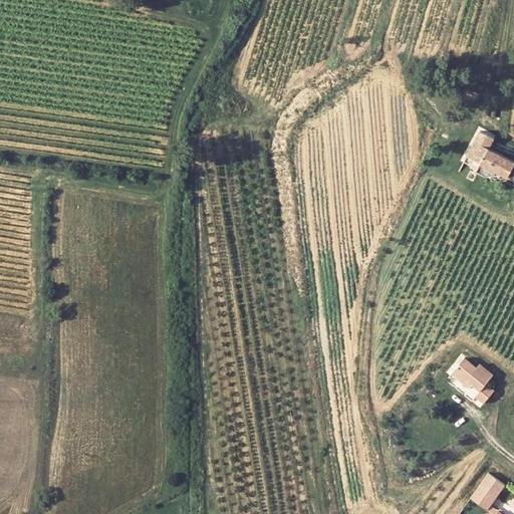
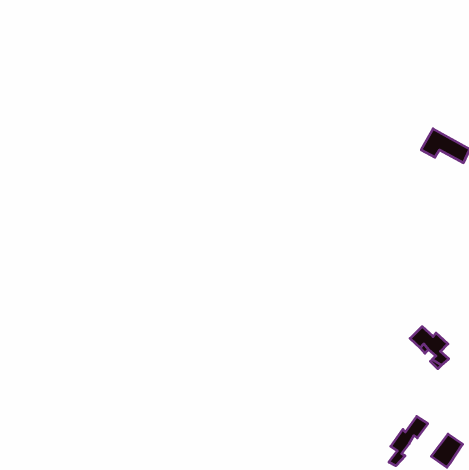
building: none -> [389,416,428,466]

